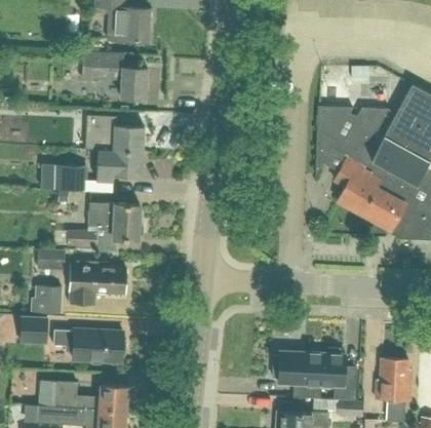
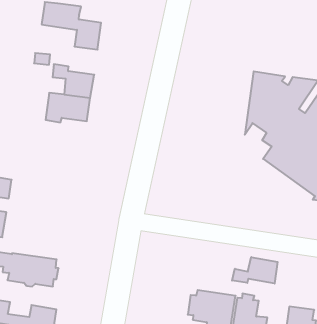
building: [54,165,85,191] -> none
building: [67,202,143,251] -> none
building: [69,261,128,305] -> none
building: none -> [232,257,278,284]

